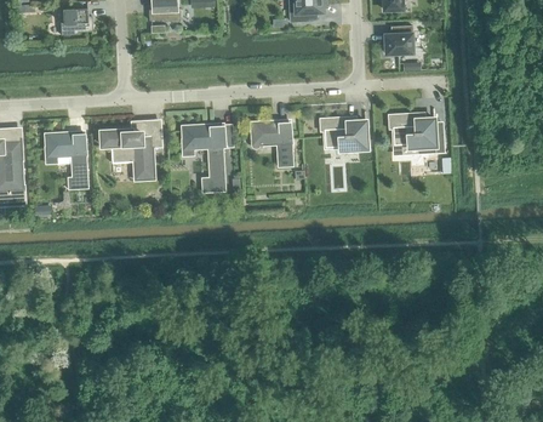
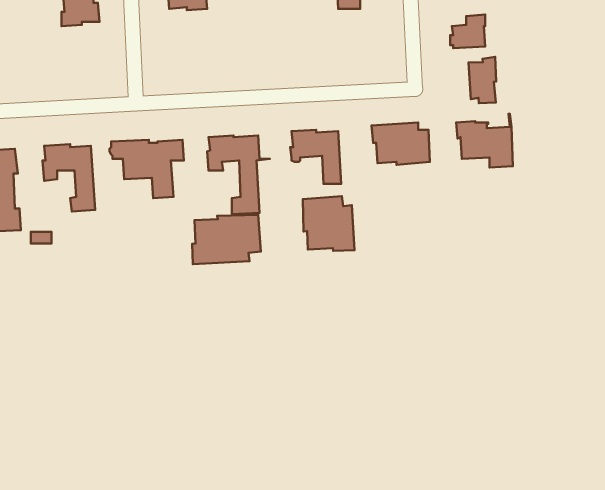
building: none -> [469,57,496,103]
building: none -> [303,196,354,251]
building: none -> [192,215,261,264]

